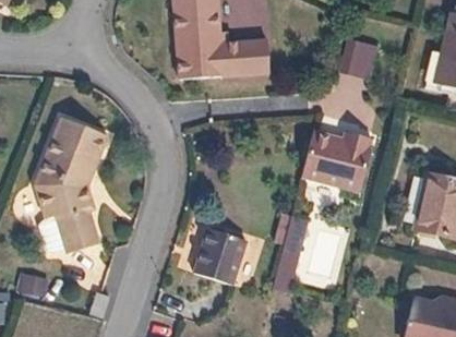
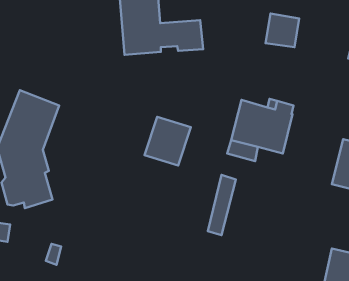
building: [194,229,247,285] -> [145,117,191,166]

